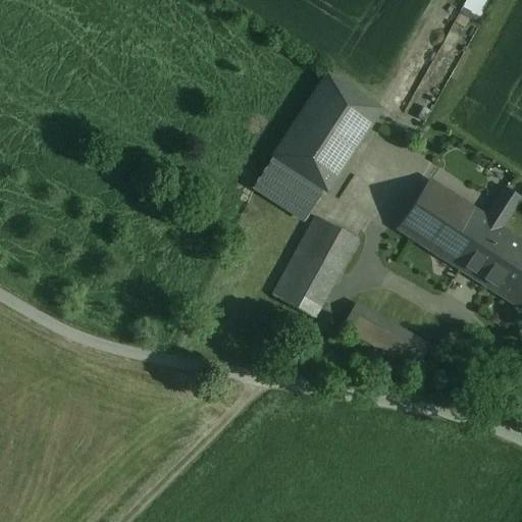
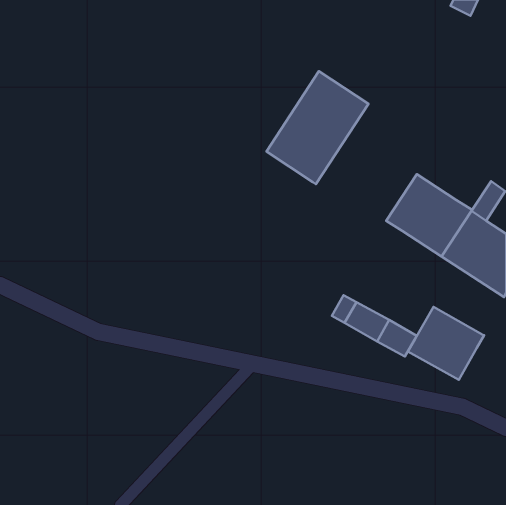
building: [254,156,322,218] -> none
building: [273,216,357,317] -> none
building: none -> [408,307,484,380]

